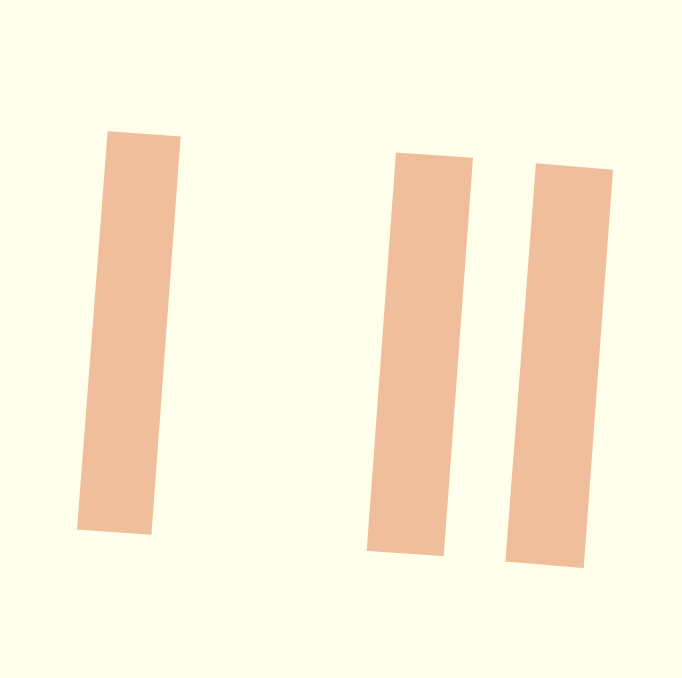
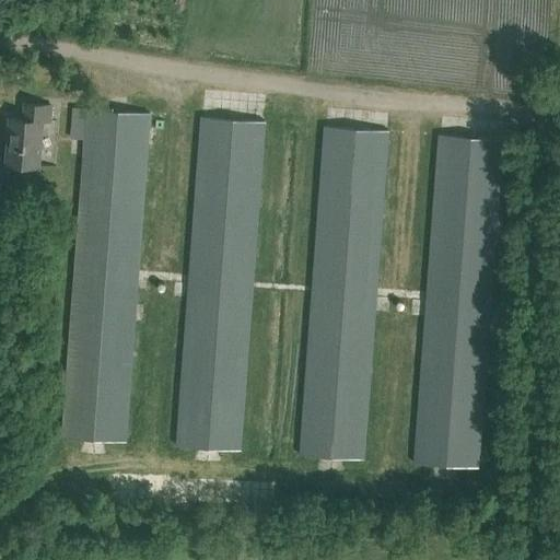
building: none -> [5,106,50,168]
building: none -> [176,119,266,451]

